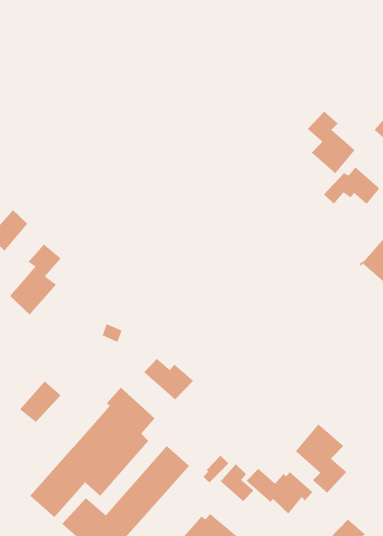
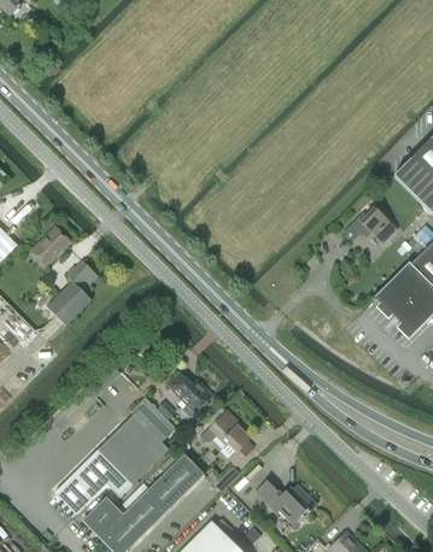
building: [307,111,355,174] -> none
building: [19,381,61,423] -> none
building: none -> [199,410,253,464]
building: [295,423,347,493] -> none

